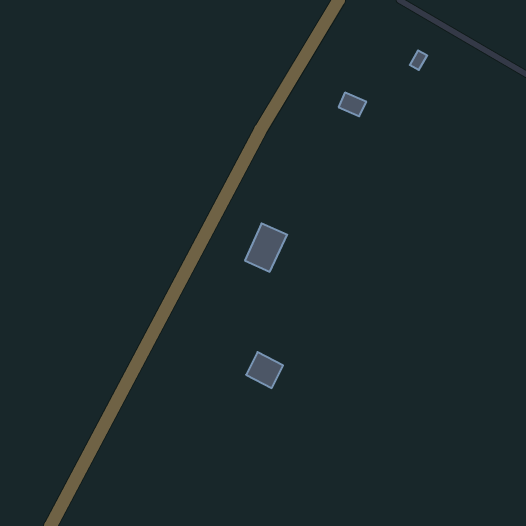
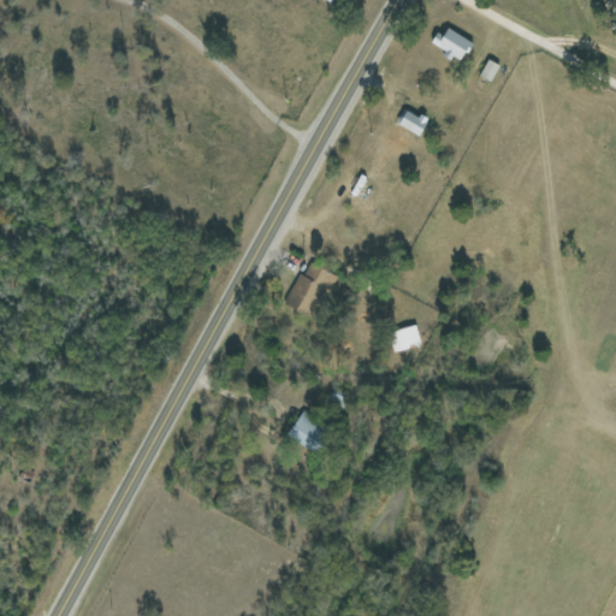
building: none -> [430,28,473,61]
building: none -> [390,326,421,351]

